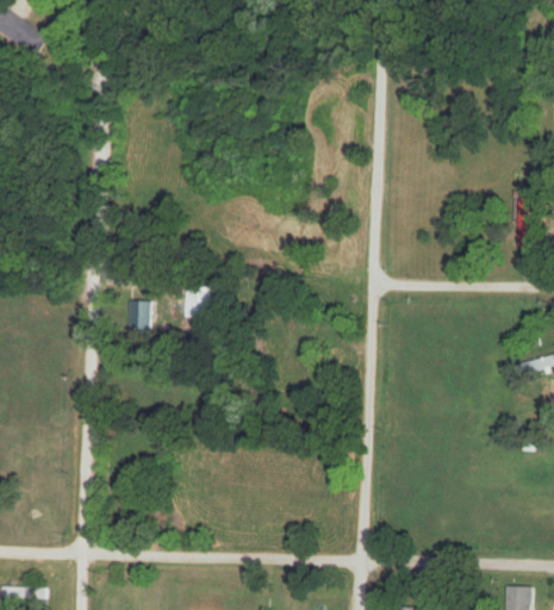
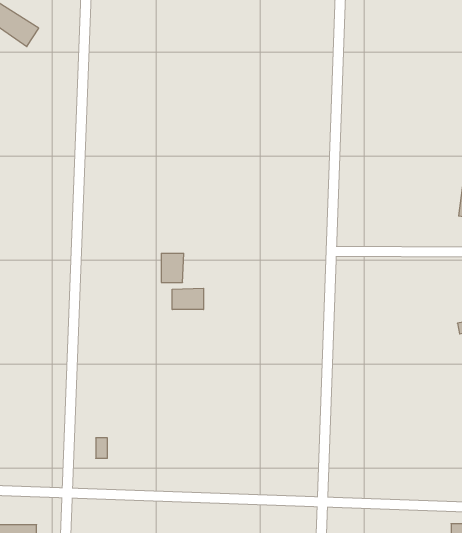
building: [129,300,149,337] -> none
building: none -> [172,288,203,310]

